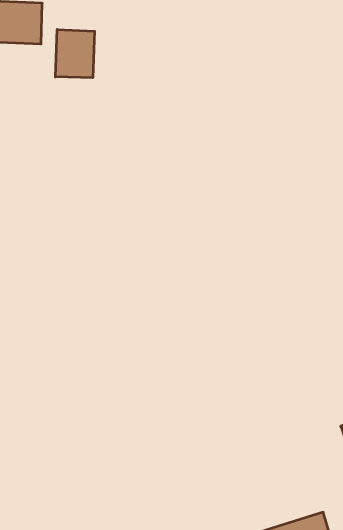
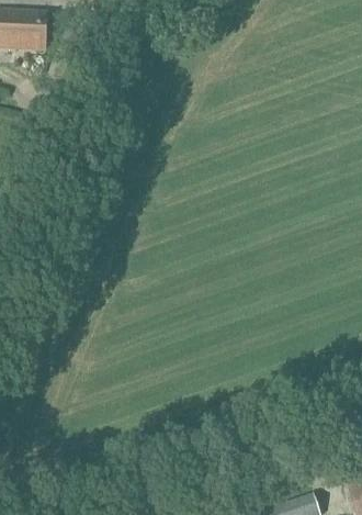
building: [55,29,95,78] -> none

